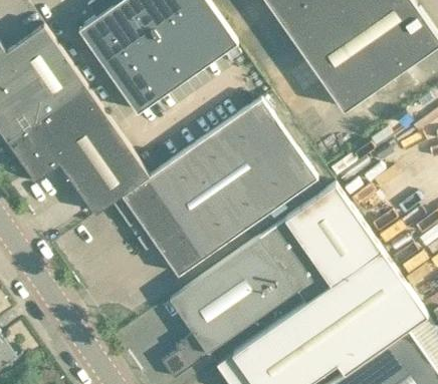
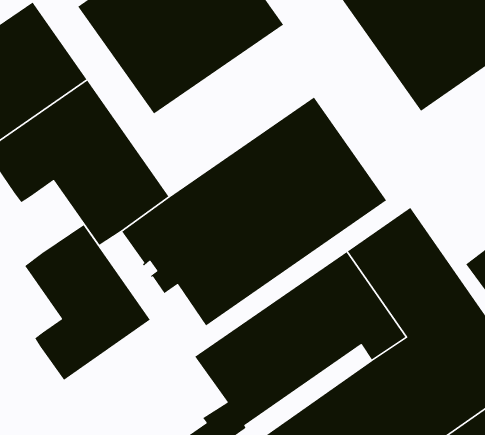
building: none -> [24,224,151,381]

